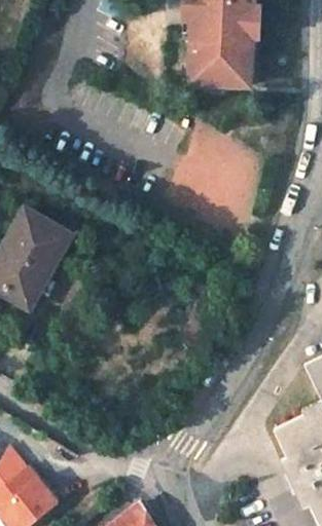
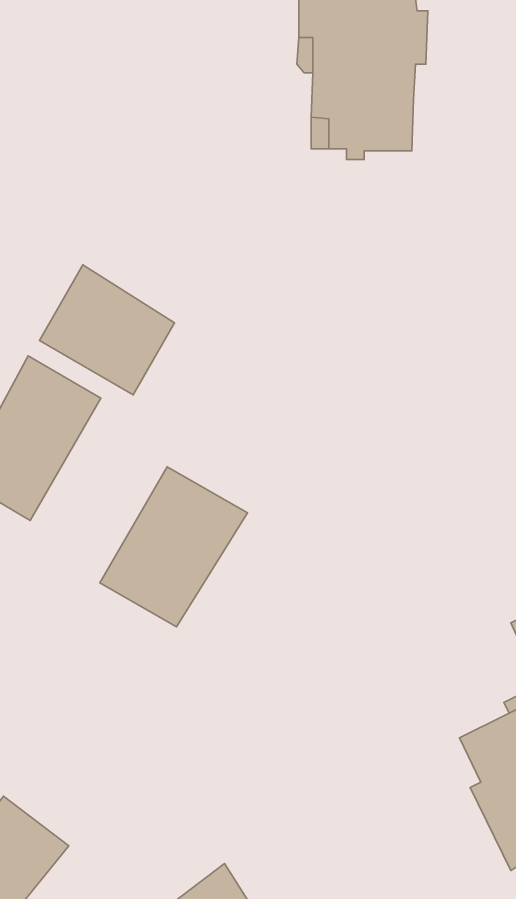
building: none -> [39,265,174,395]
building: none -> [100,467,247,627]

